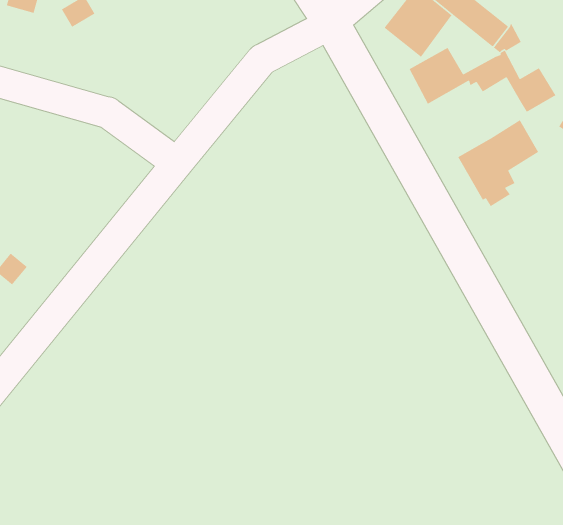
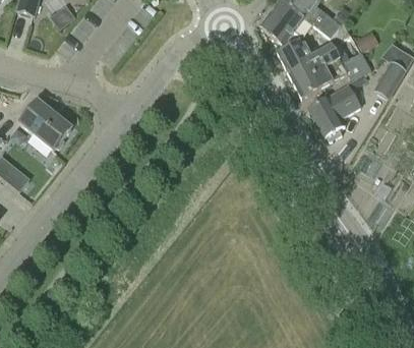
building: none -> [288,57,347,97]
building: none -> [19,101,71,150]

